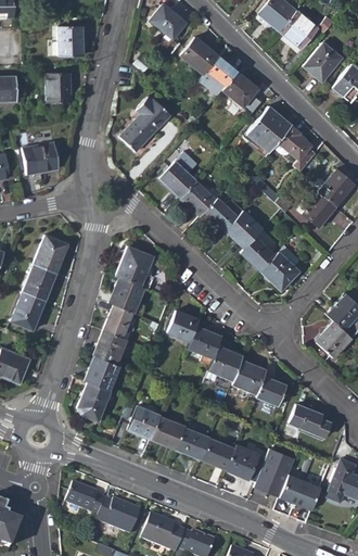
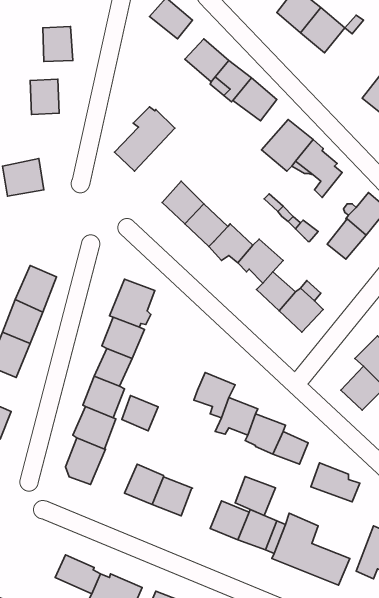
building: [304,42,342,81] -> none
building: [168,309,200,340] -> [122,395,158,431]
building: [177,426,212,459] -> [235,476,275,515]

